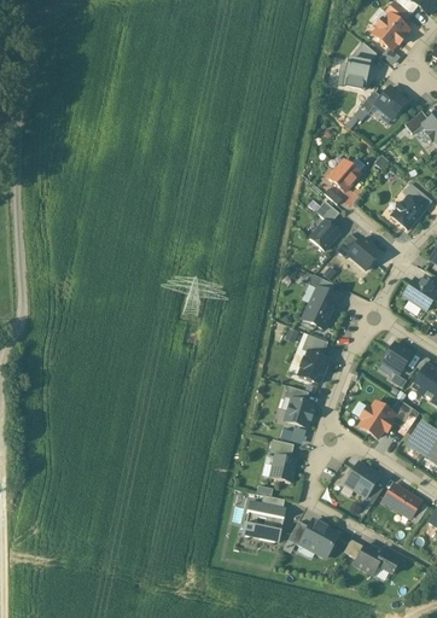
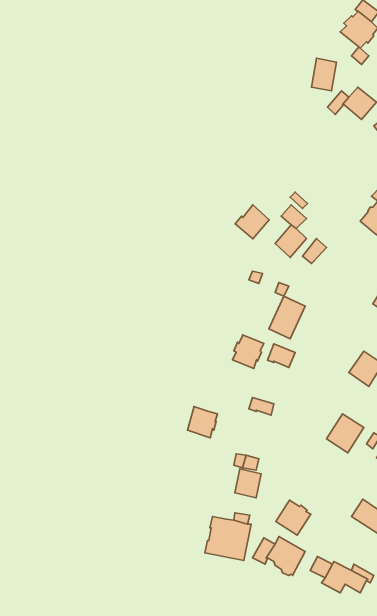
building: [327,159,360,192] -> [235,205,269,239]
building: [346,238,380,272] -> none
building: [298,351,328,384] -> [233,335,264,369]
building: [285,398,314,428] -> [187,406,218,438]
building: [345,464,379,497] -> [276,500,311,535]

